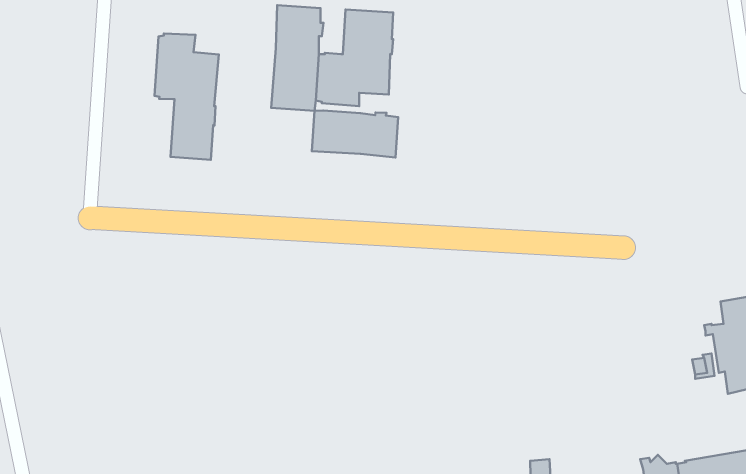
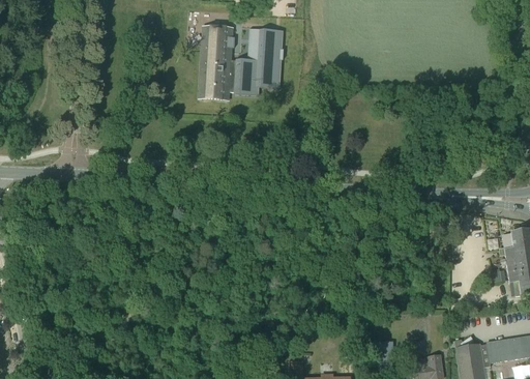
building: [154,33,219,160] -> none
building: [312,111,398,157] -> none

